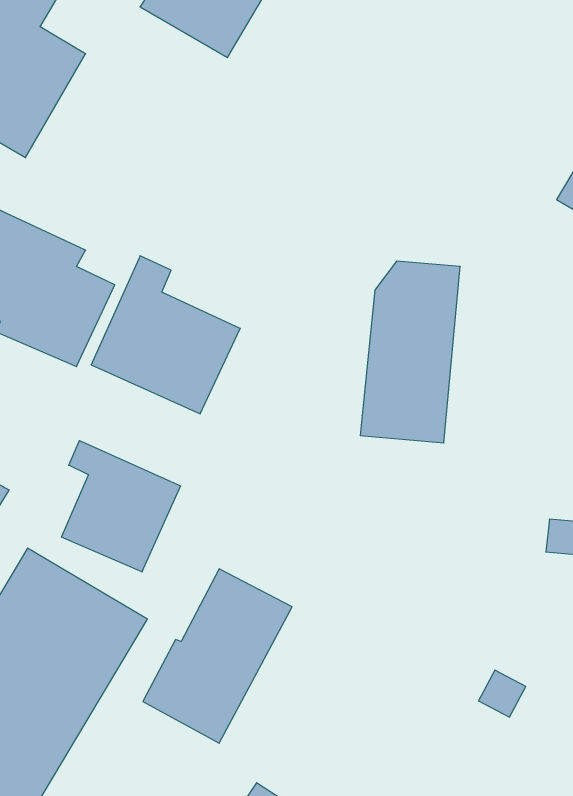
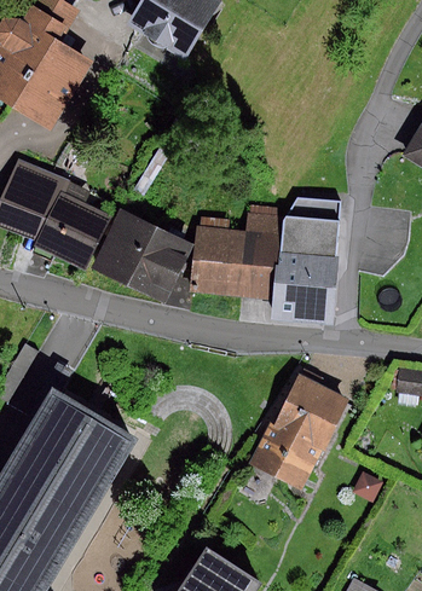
building: none -> [191,213,283,301]
building: [62,441,181,572] -> none
building: [143,569,292,743] -> [248,375,347,491]

